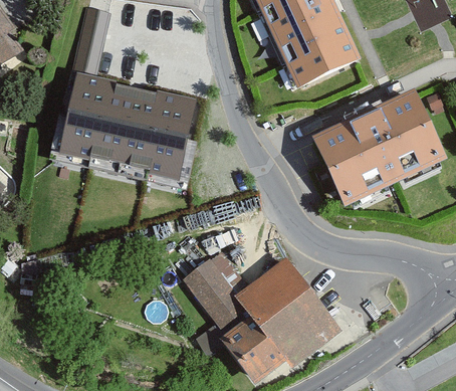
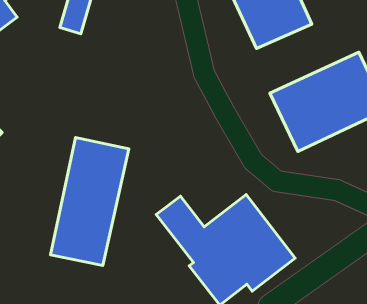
building: [56,68,198,182] -> none
building: none -> [51,138,129,266]

